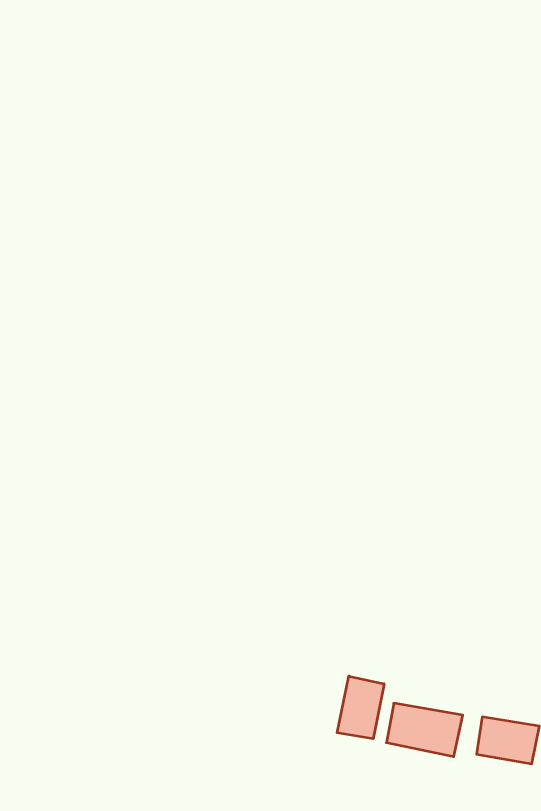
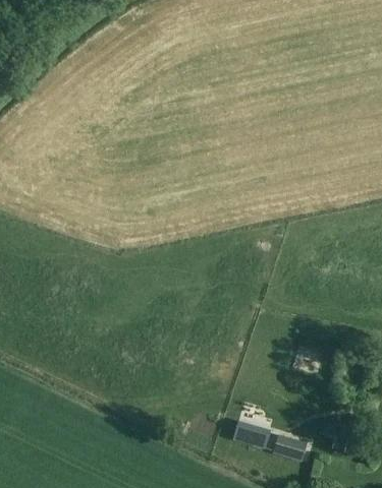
building: [337,676,384,739] -> none

